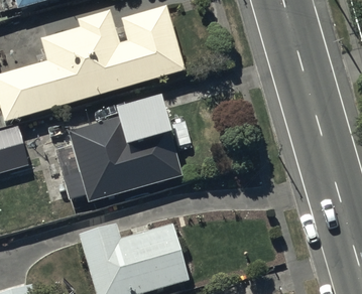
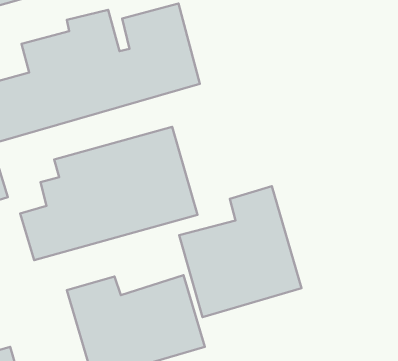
building: none -> [179,186,301,317]

